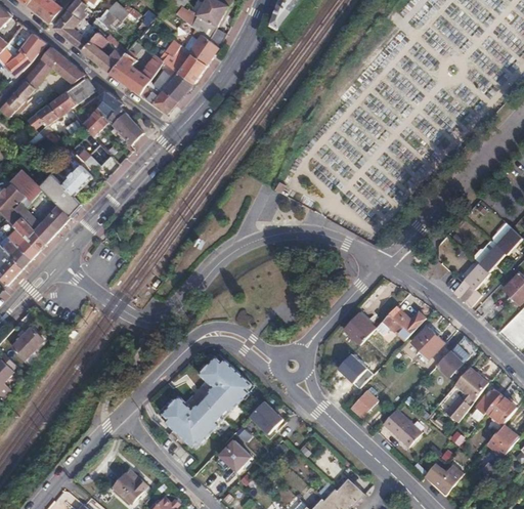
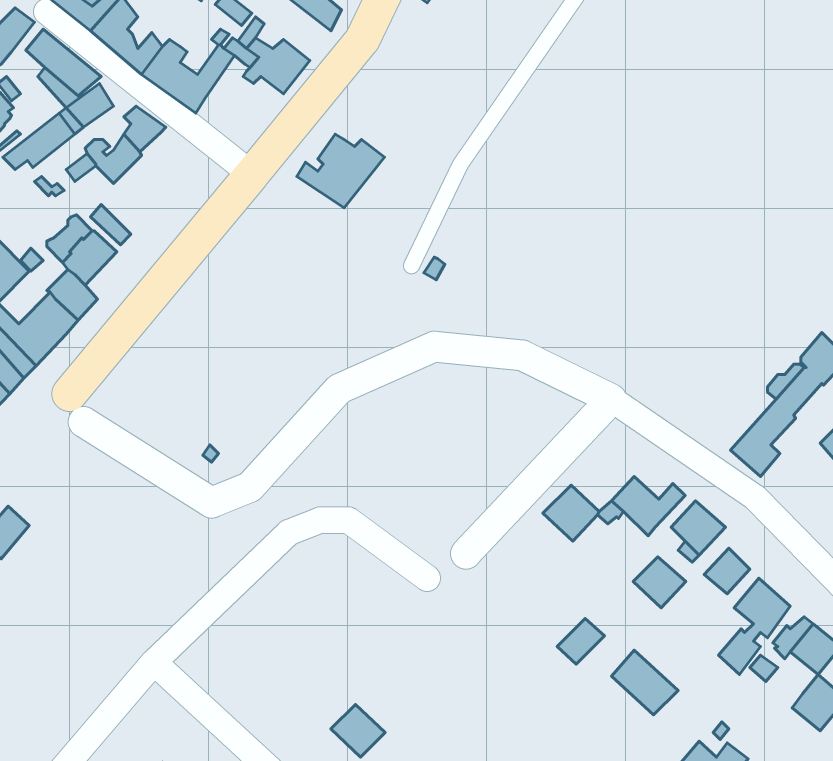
building: [188,34,219,65] -> none
building: [140,71,191,114] -> [297,134,384,208]
building: [107,107,148,145] -> none
building: [335,353,365,383] -> [633,557,686,608]
building: [162,355,251,446] -> none
building: [248,400,280,433] -> none

